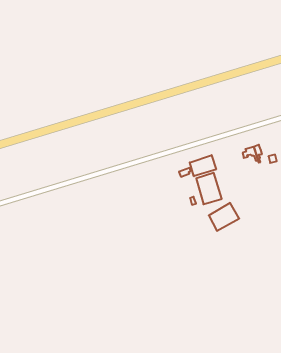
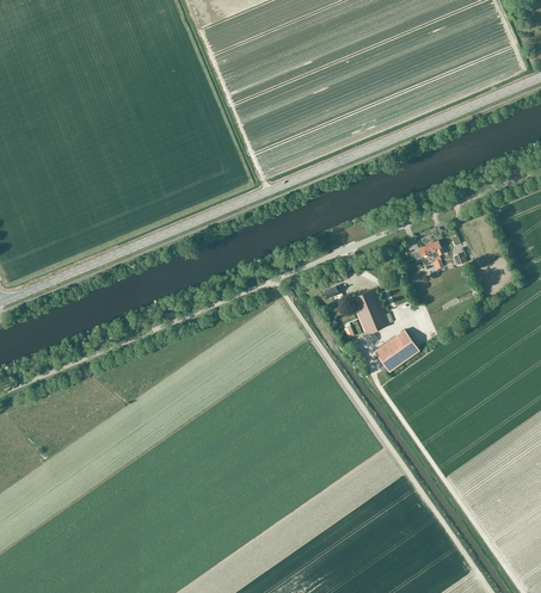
building: [190,155,216,176] -> none

